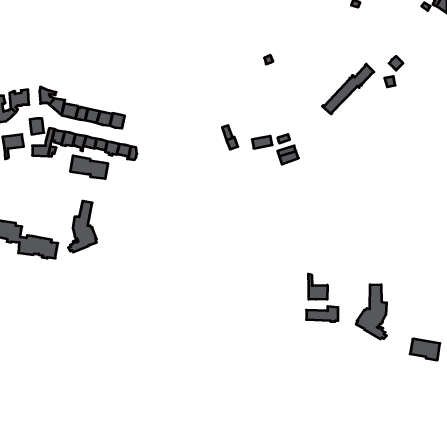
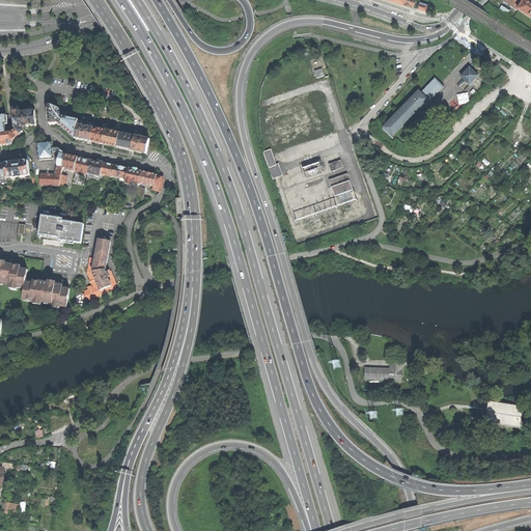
building: [70,156,108,179] -> [37,214,82,241]
building: [308,274,327,299] -> none
building: [356,285,387,339] -> none

